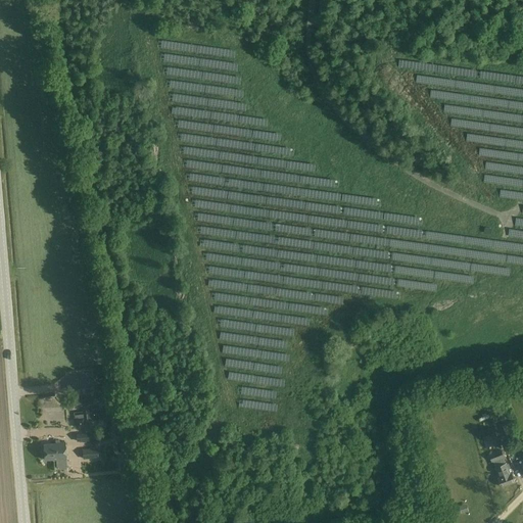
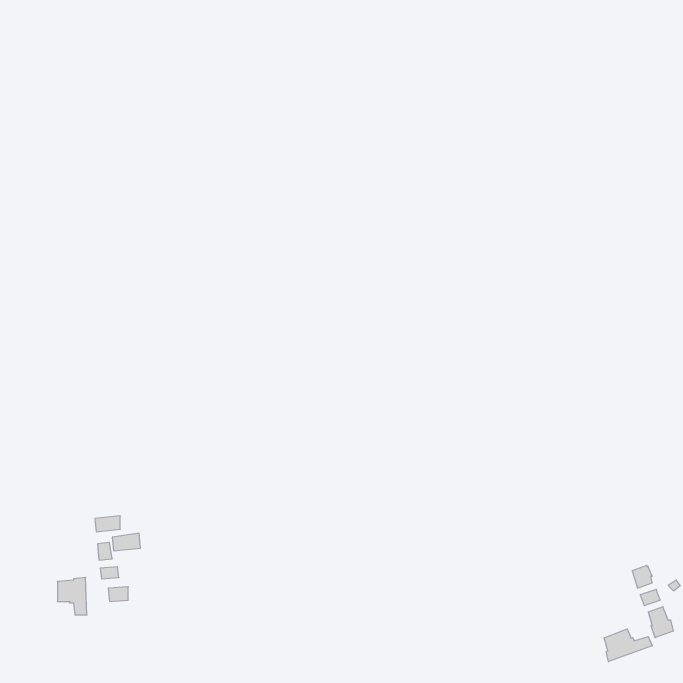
building: none -> [604,629,652,662]

